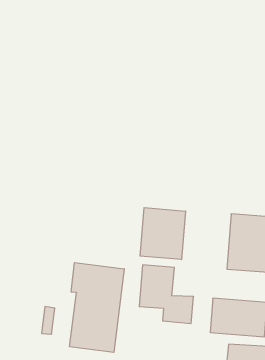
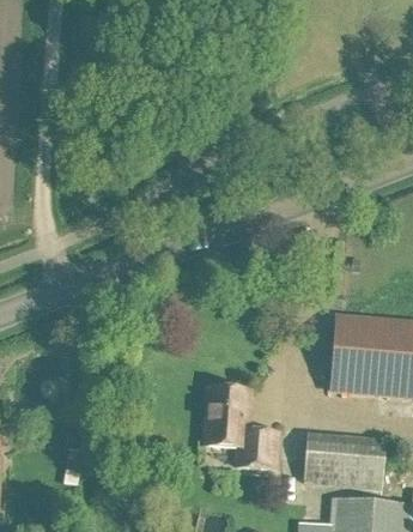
building: [140,208,186,260] -> none
building: [70,263,124,352] -> none

